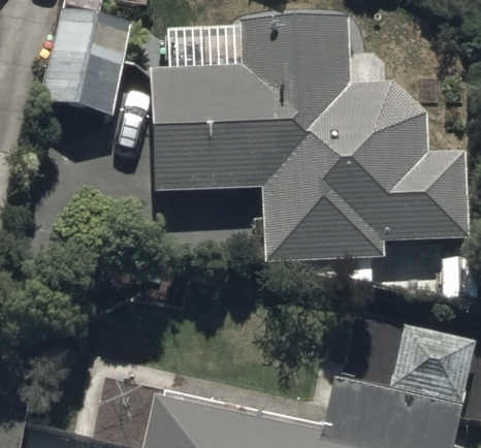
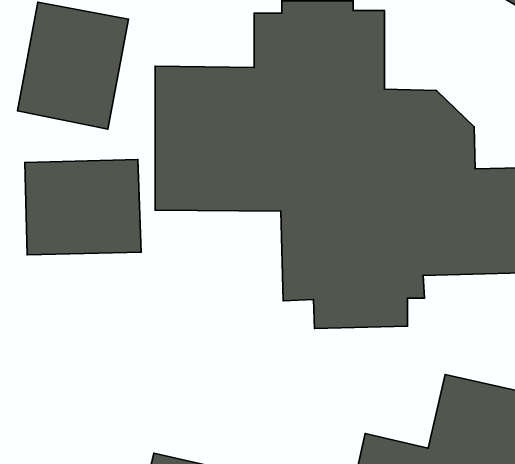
building: none -> [25,160,141,255]

